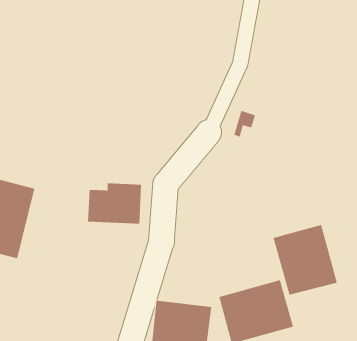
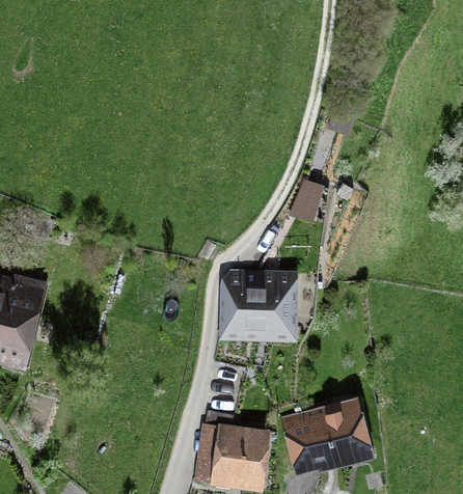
building: [87,183,142,224] -> [225,278,294,330]
building: [273,224,337,296] -> none

